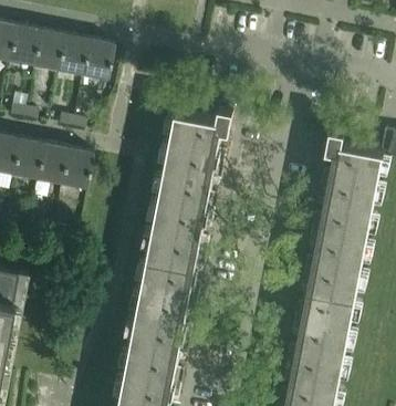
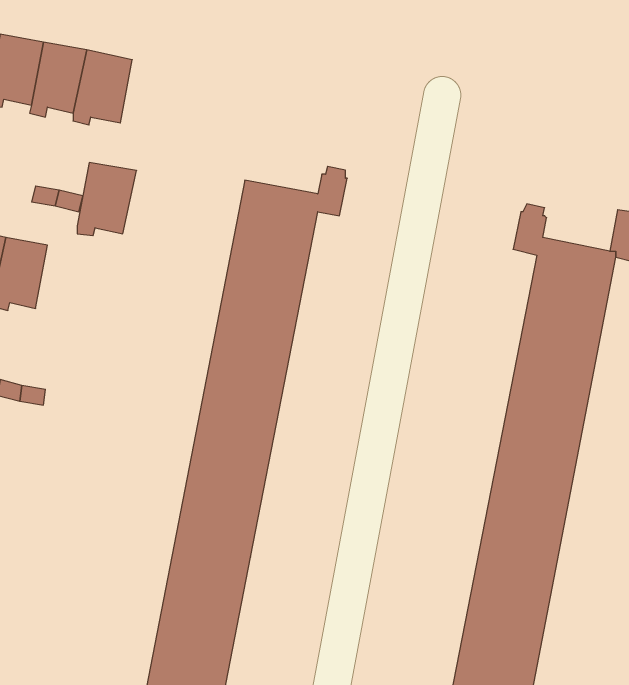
building: [59,147,92,188] -> [77,163,137,236]

